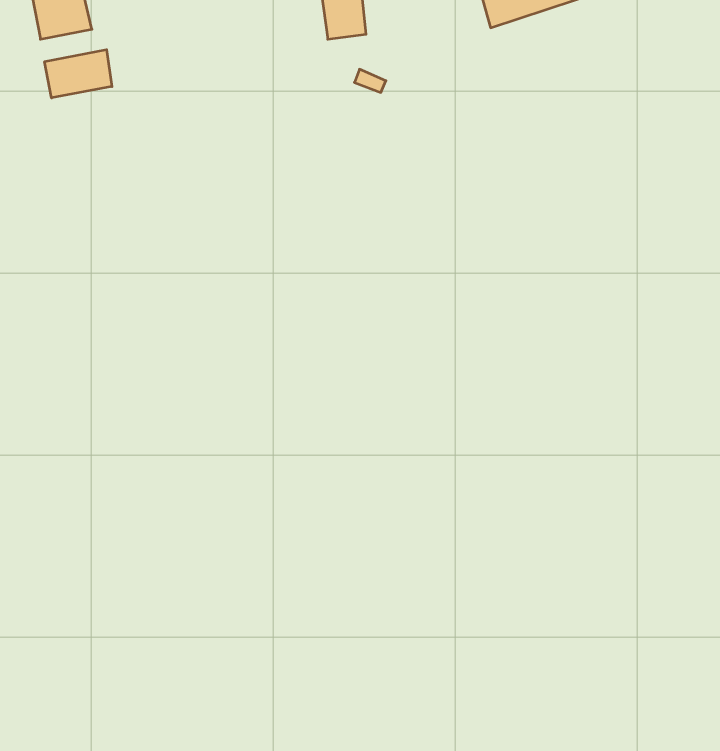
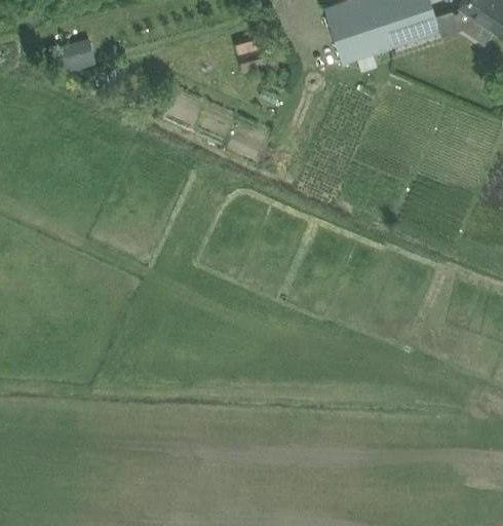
building: [45,50,112,98] -> none

